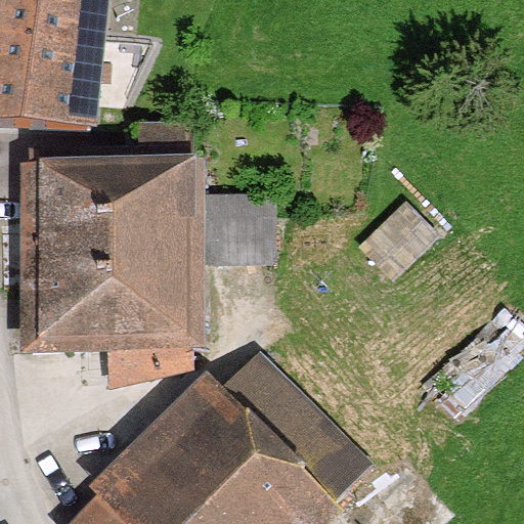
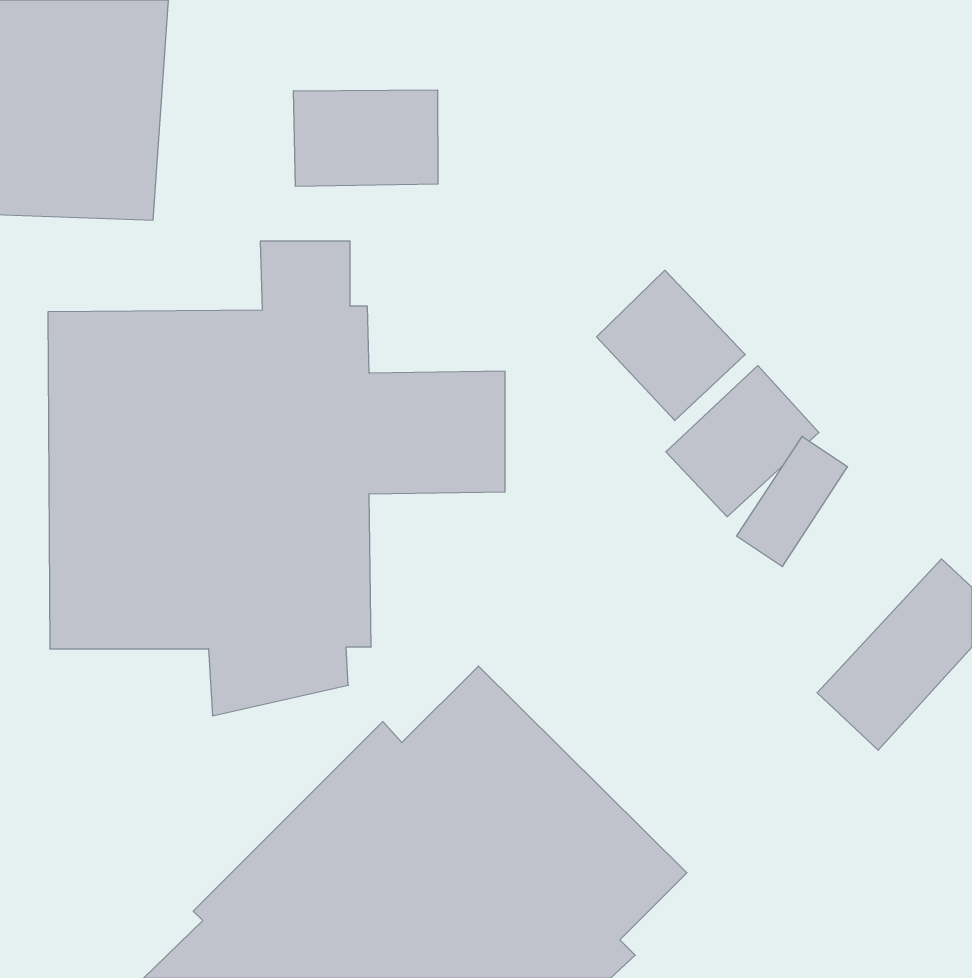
building: none -> [294,90,438,186]
building: none -> [597,270,745,421]

